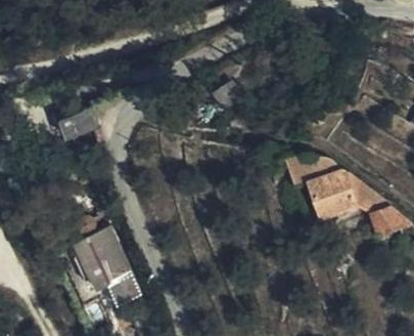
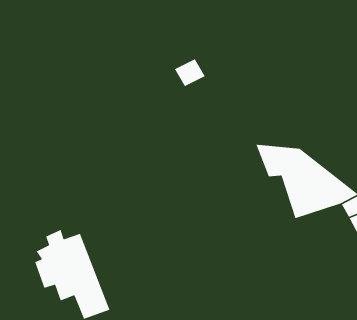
building: [59,111,100,143] -> none

